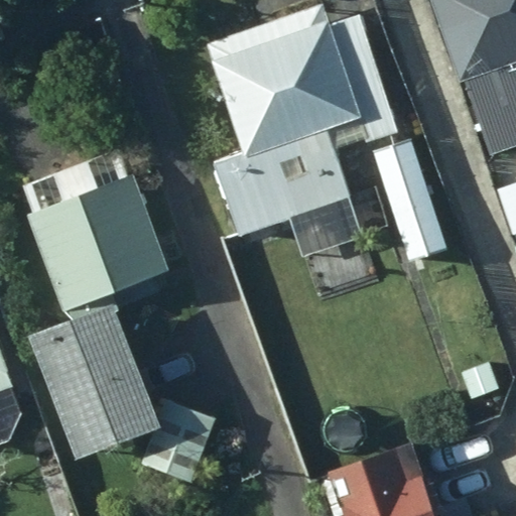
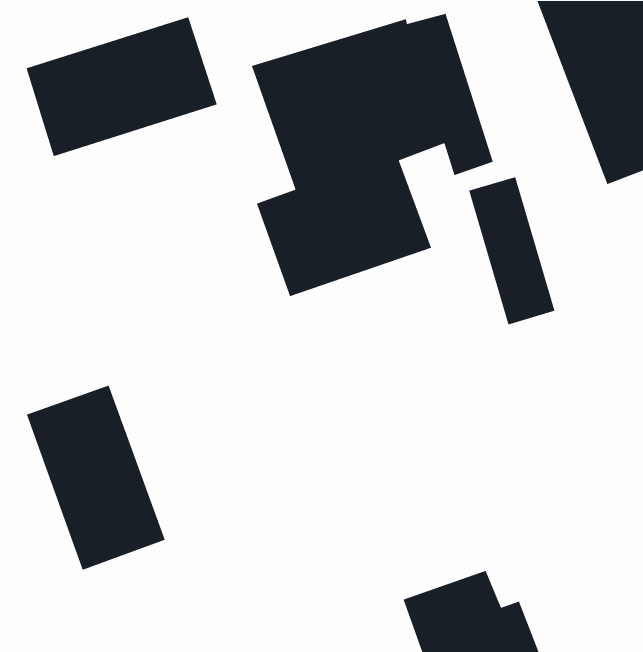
building: none -> [25,16,218,157]
building: [30,175,164,306] -> none

